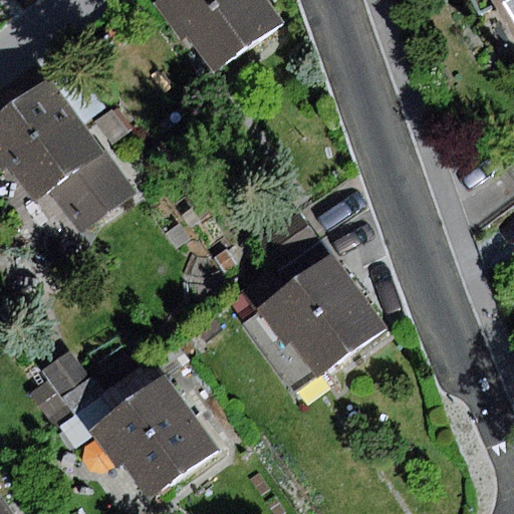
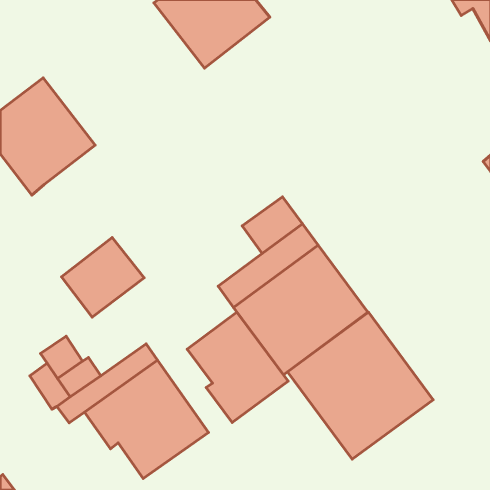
building: [47,152,134,235] -> [61,237,144,317]
building: none -> [187,312,288,423]
building: none -> [288,312,433,459]

